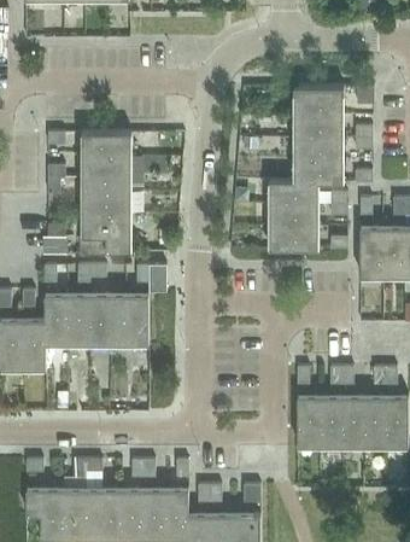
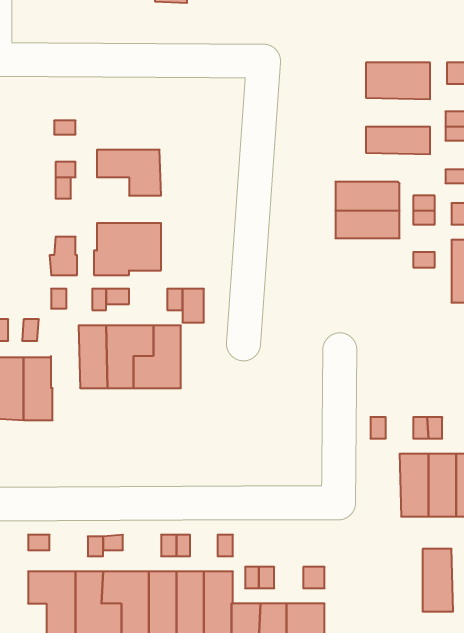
building: [293,116,344,139] -> none
building: [81,134,130,157] -> none
building: [293,159,344,183] -> none
building: [81,179,131,215] -> none
building: [269,227,320,250] -> none
building: [43,296,68,345] -> none
building: [297,397,321,447] -> [423,549,453,612]

